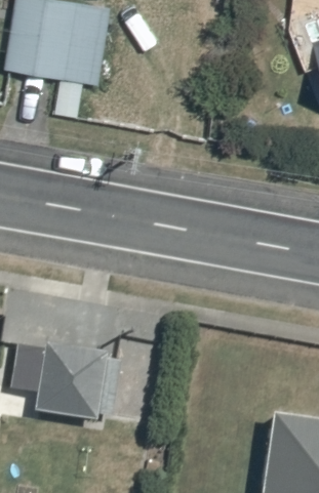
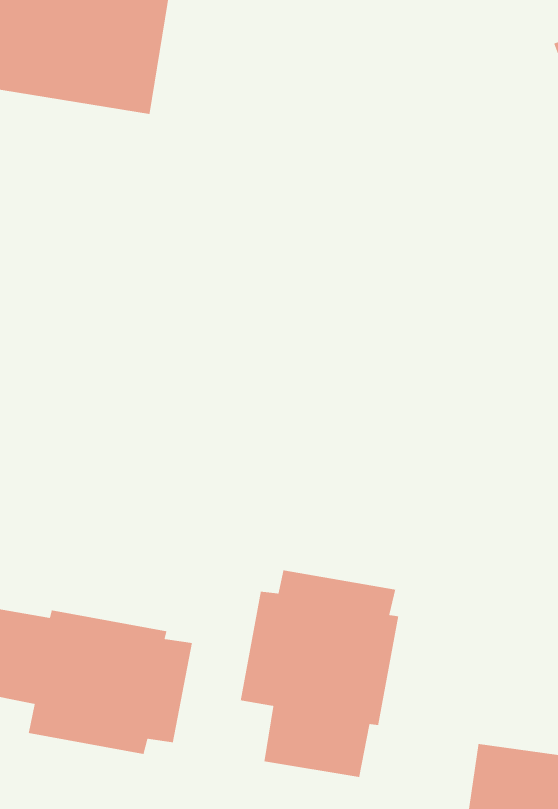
building: none -> [240,569,399,778]

